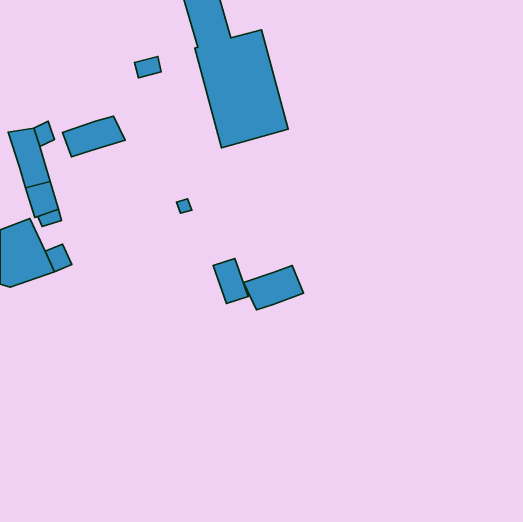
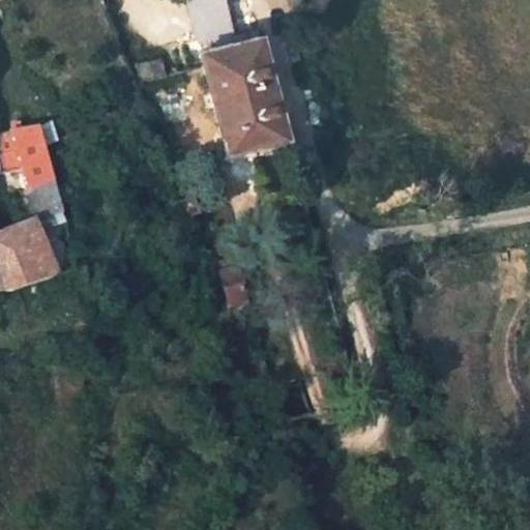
building: [62,116,125,157] -> none
building: [243,265,303,310] -> none

